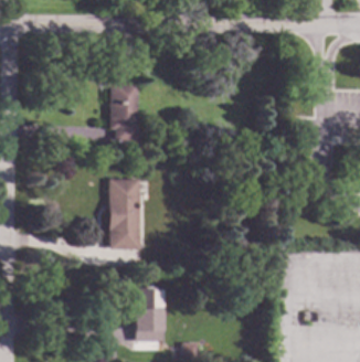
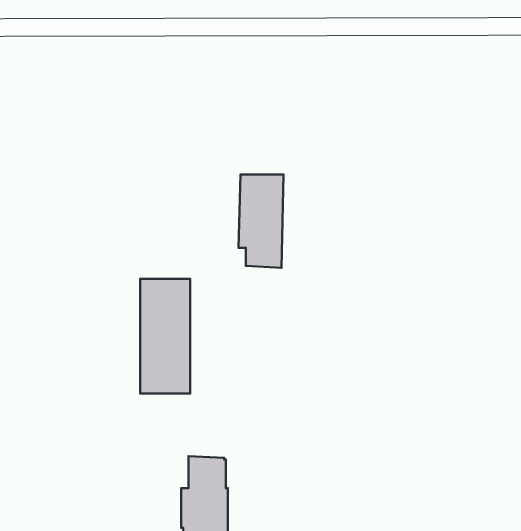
building: [112,83,139,140] -> [239,175,283,268]

